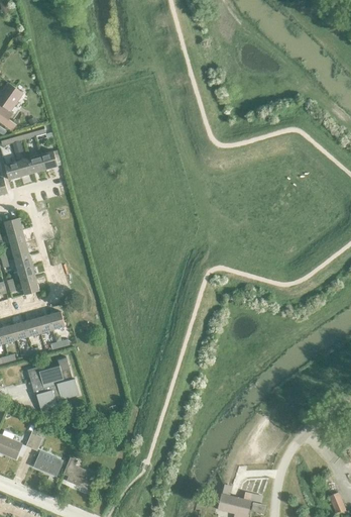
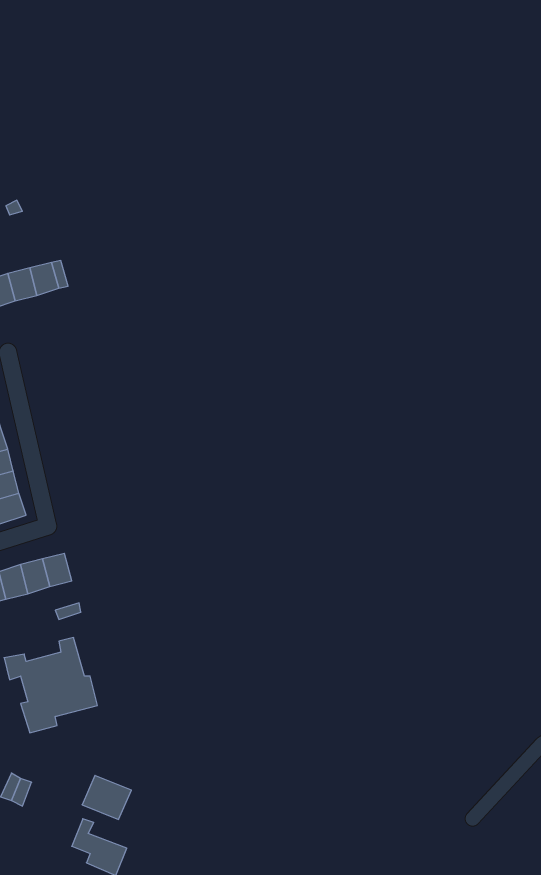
building: [33,452,61,477] -> [82,775,131,819]

